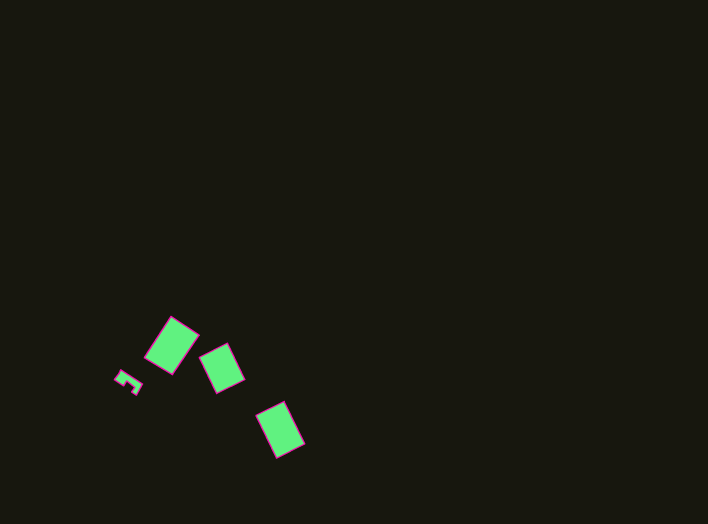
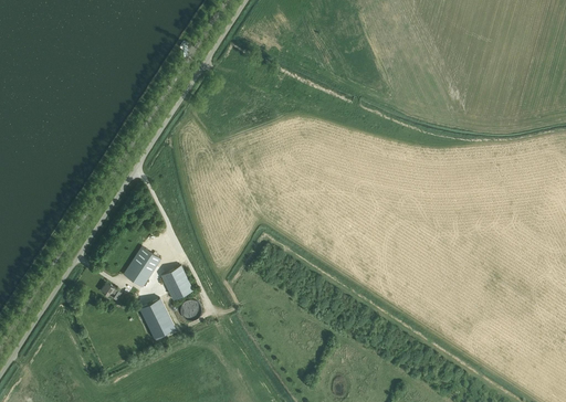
building: [256,401,305,458] -> [140,302,175,341]

